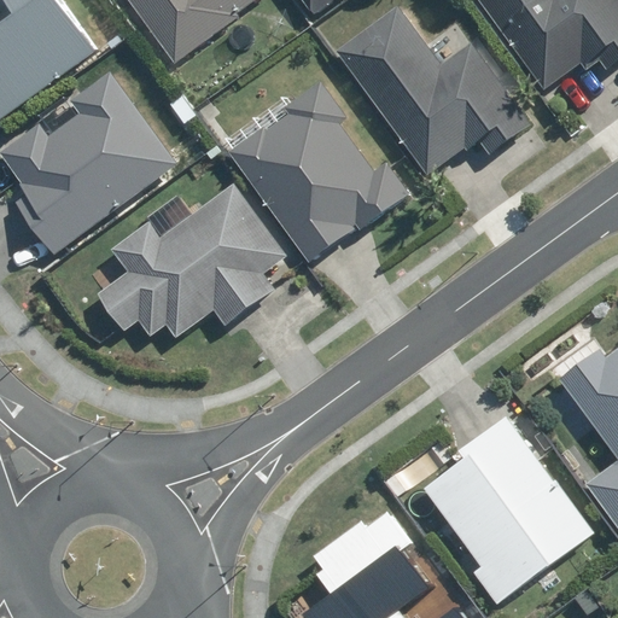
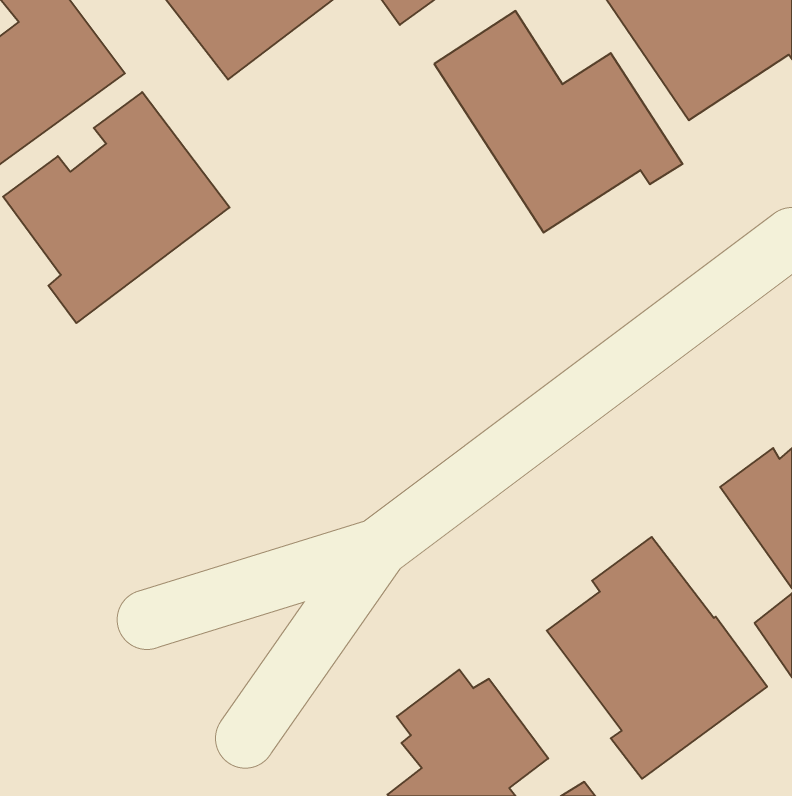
building: [231,82,409,263] -> none
building: [105,187,288,338] -> none

